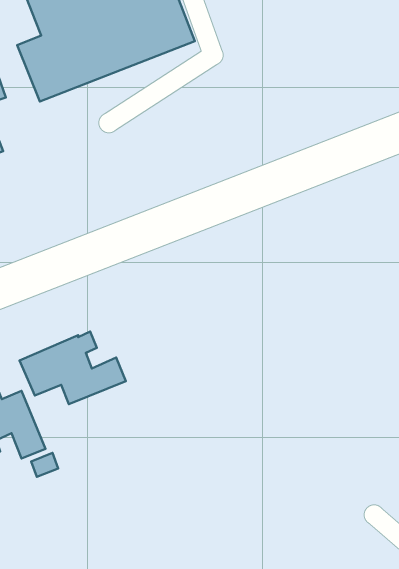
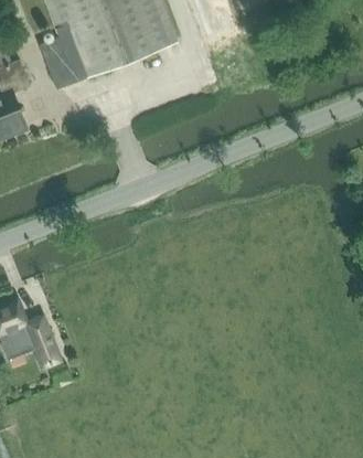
building: [19,331,126,404] -> none

